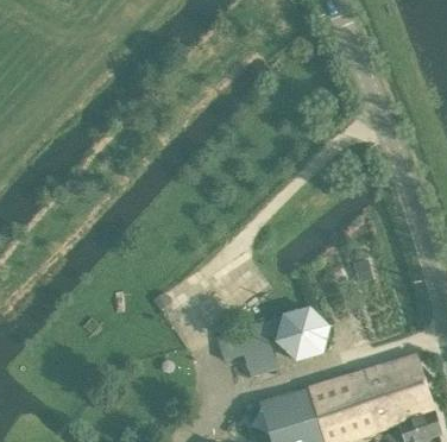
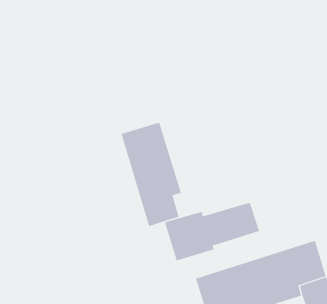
building: none -> [121,122,181,227]

